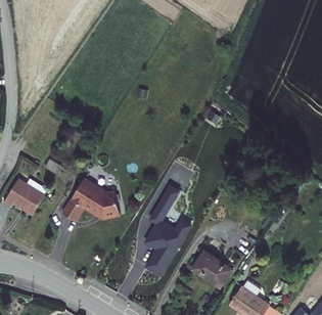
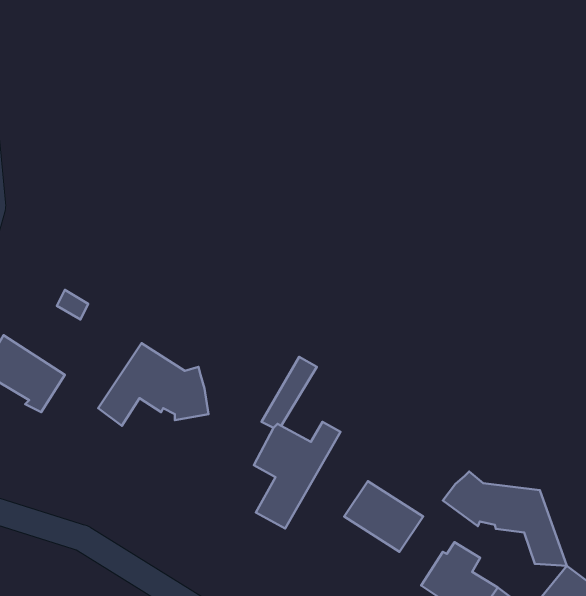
building: none -> [443,472,567,566]

